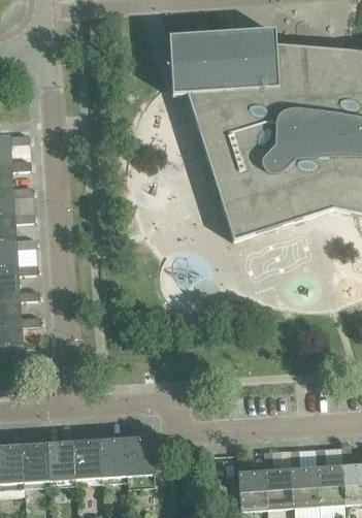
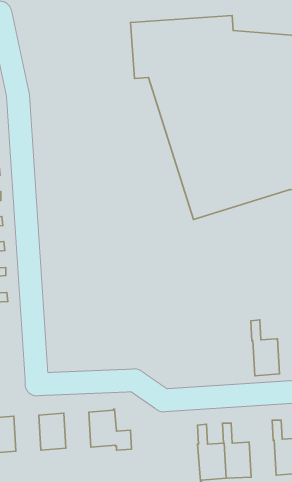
building: [98,438,126,475] -> none
building: [46,441,74,478] -> none
building: [288,447,318,505] -> [251,320,280,376]

